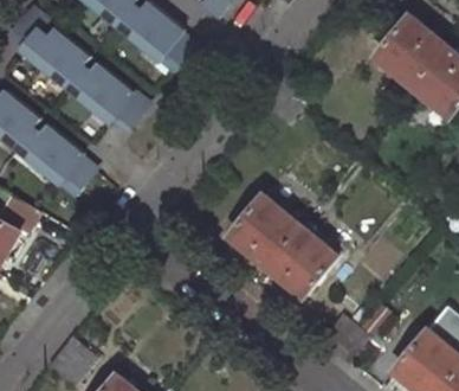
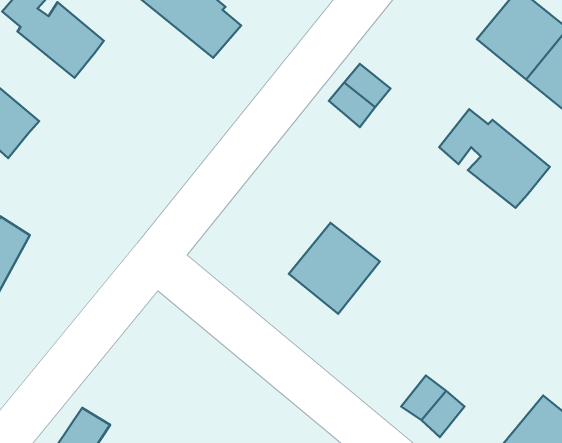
building: [67,64,148,130] -> none
building: none -> [439,109,550,208]
building: [17,126,95,194] -> none
building: [270,227,338,297] -> none

